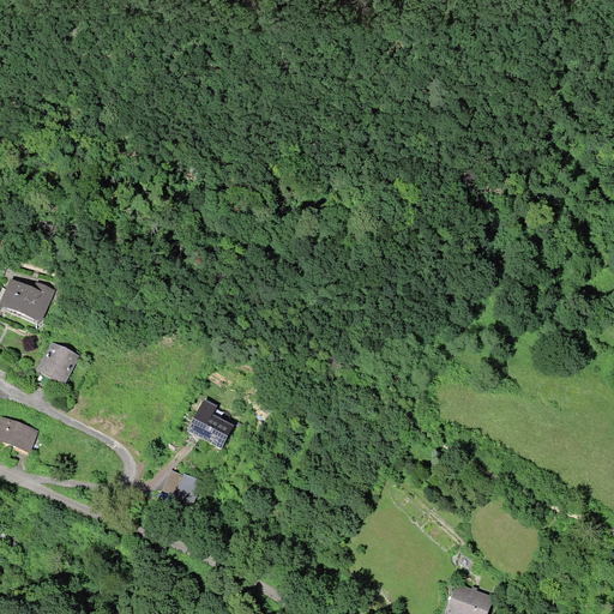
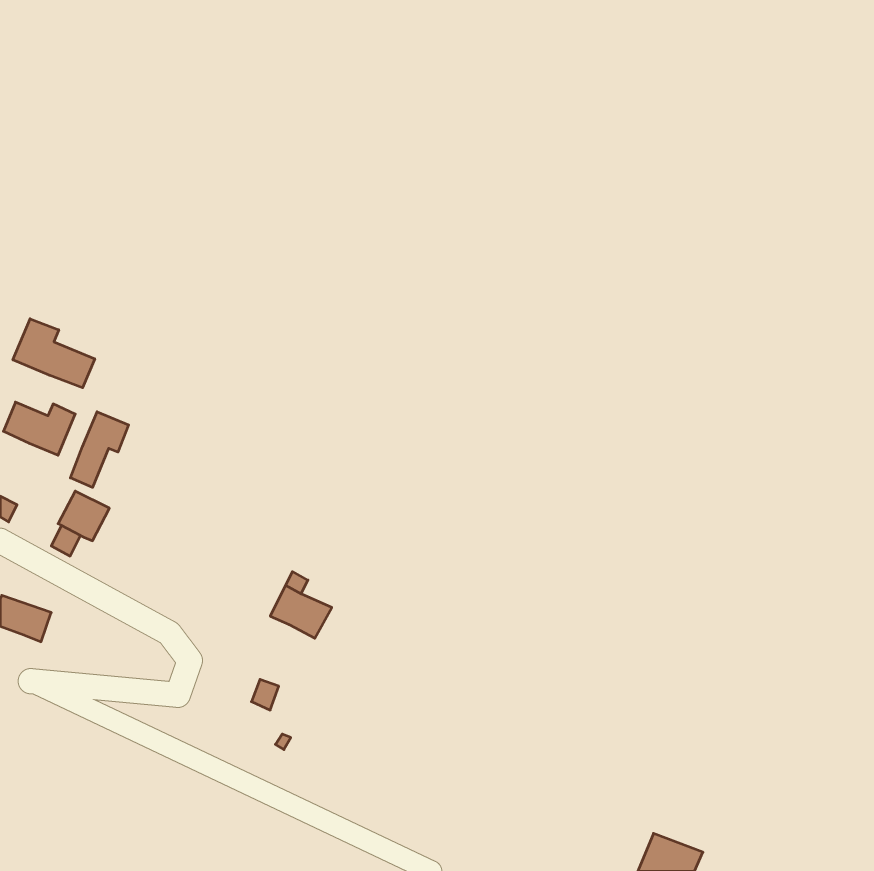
building: none -> [13,319,95,388]
building: none -> [70,412,129,487]

